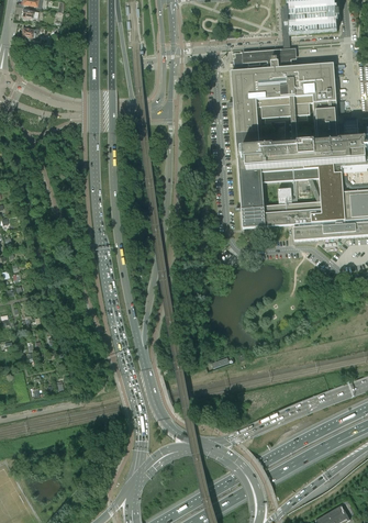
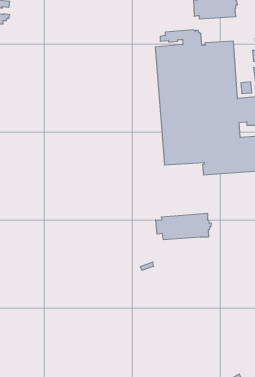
building: none -> [156,213,211,240]

